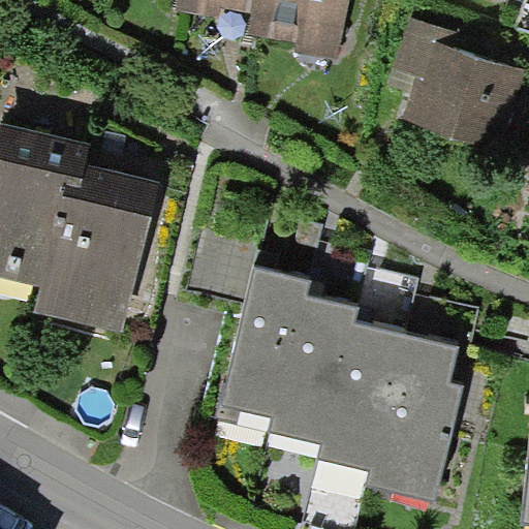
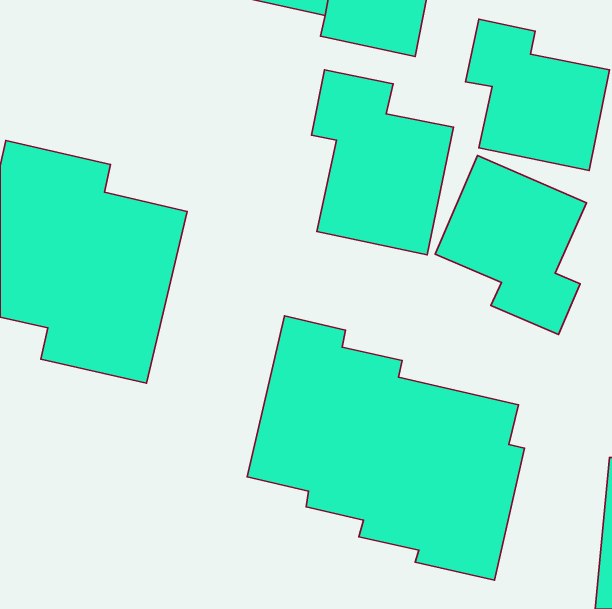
building: none -> [312,70,453,255]
building: none -> [435,156,586,335]

